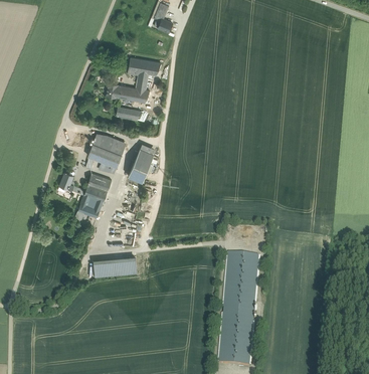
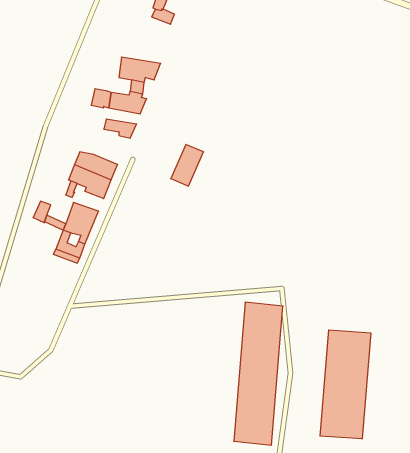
building: [128,148,154,181] -> [171,144,204,186]
building: [94,255,137,275] -> none
building: none -> [320,330,371,439]

